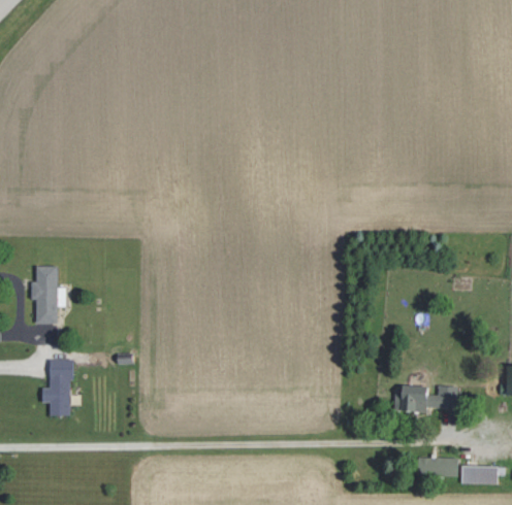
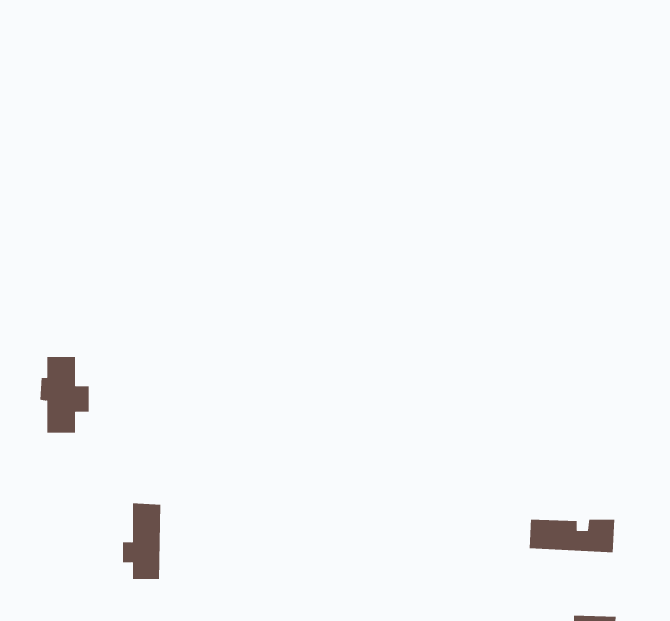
building: [42,359,71,415] -> [122,503,161,579]

